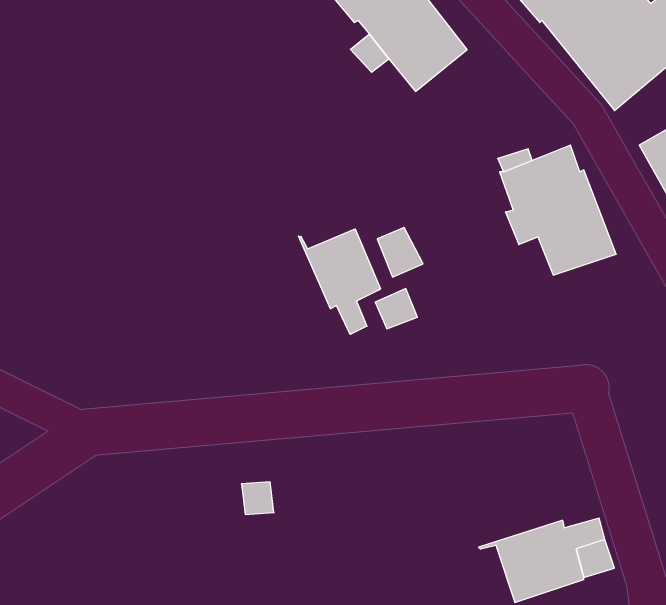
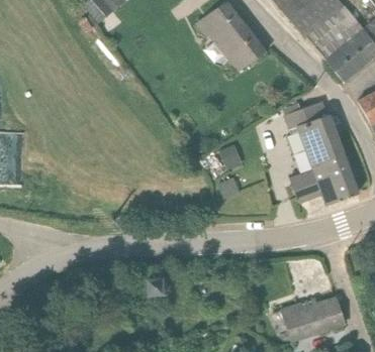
building: [299,229,380,334] -> none
building: none -> [290,158,358,205]

